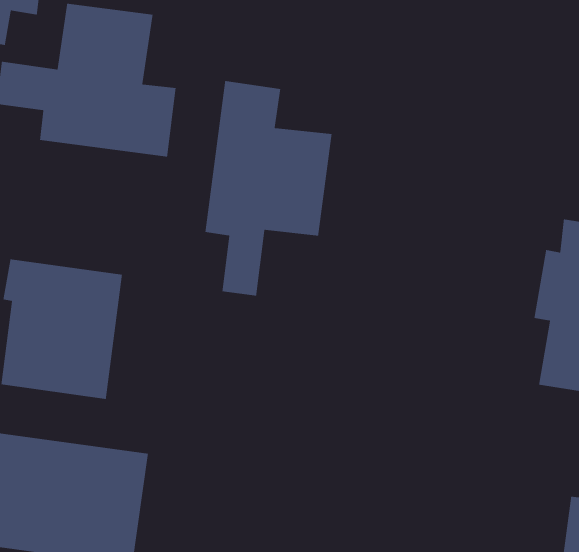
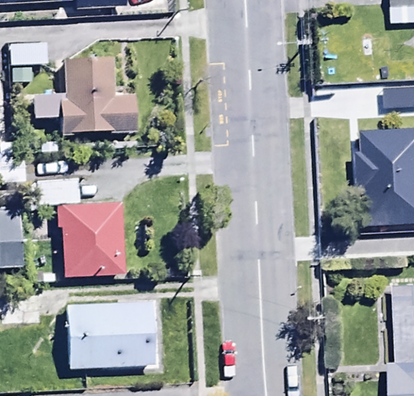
building: [205,80,332,296] -> none

